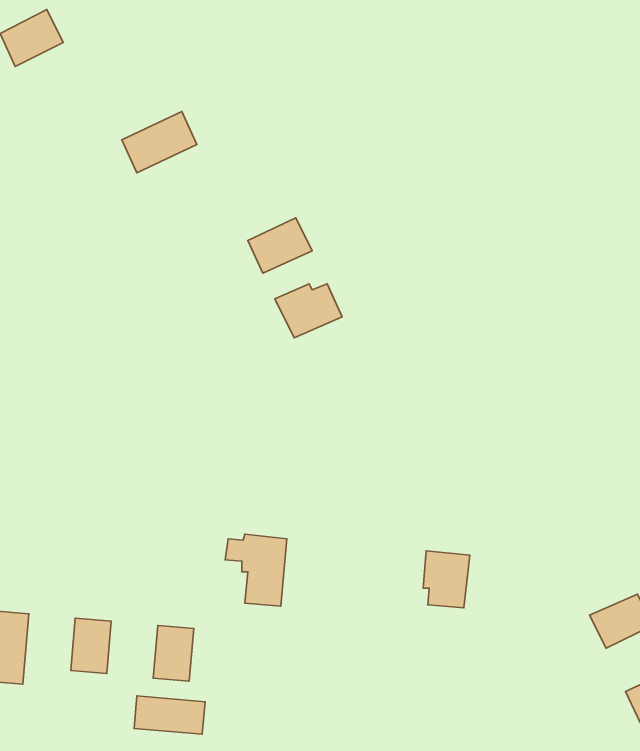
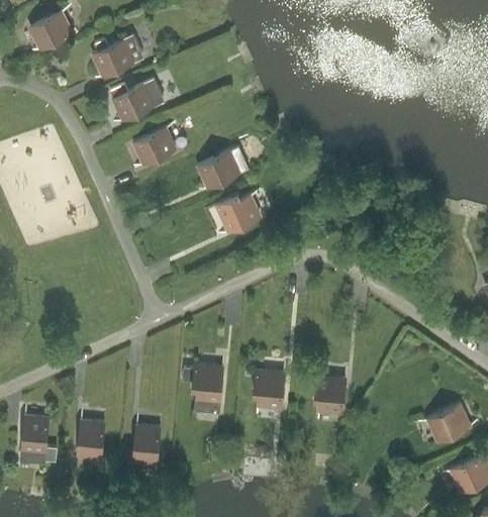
building: none -> [92,35,143,77]
building: none -> [133,128,175,165]
building: none -> [254,371,285,408]
building: [134,696,205,734] -> none

